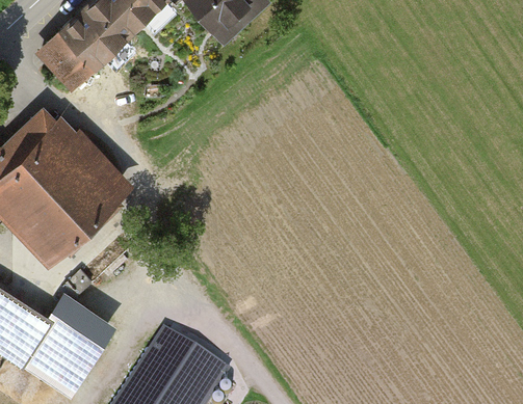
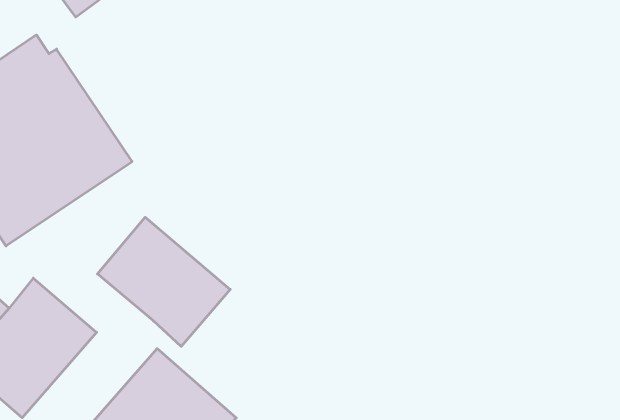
building: none -> [97,217,230,346]

